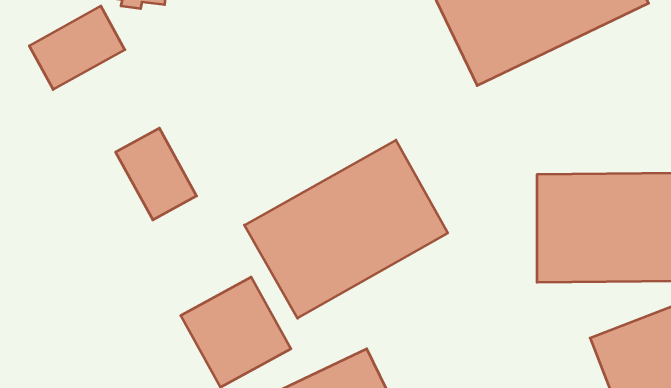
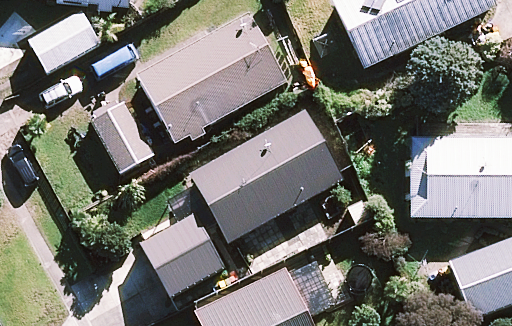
building: none -> [136,13,285,143]

